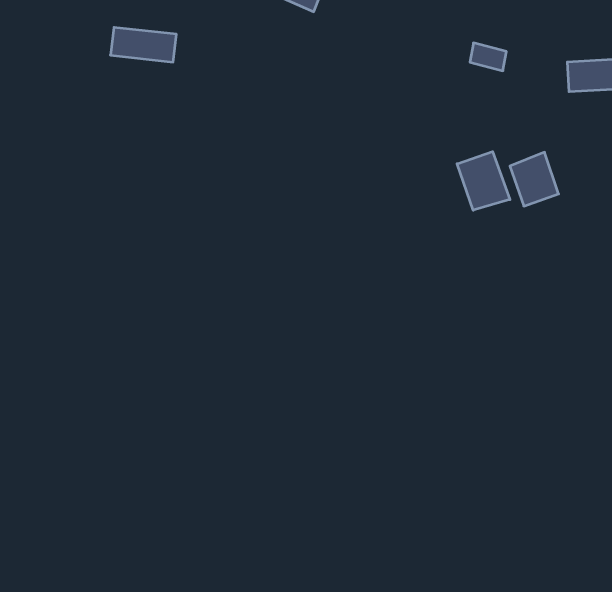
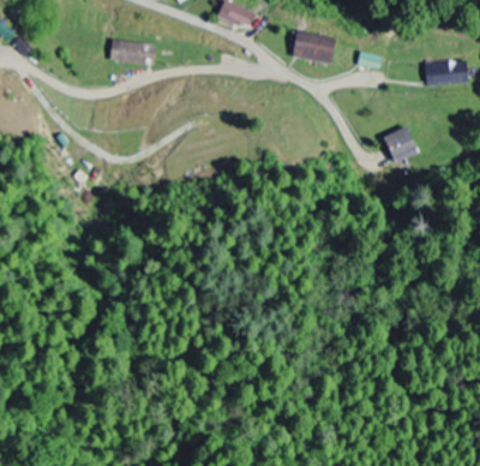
building: none -> [293,32,336,61]
building: [457,152,510,210] -> none

